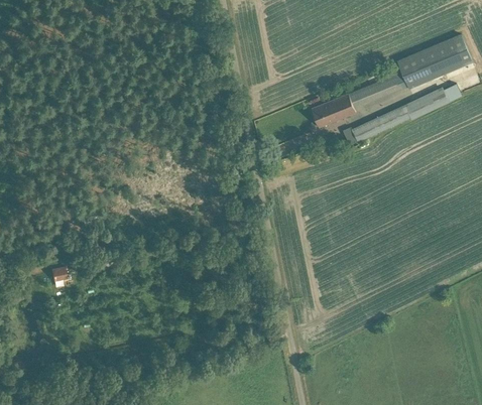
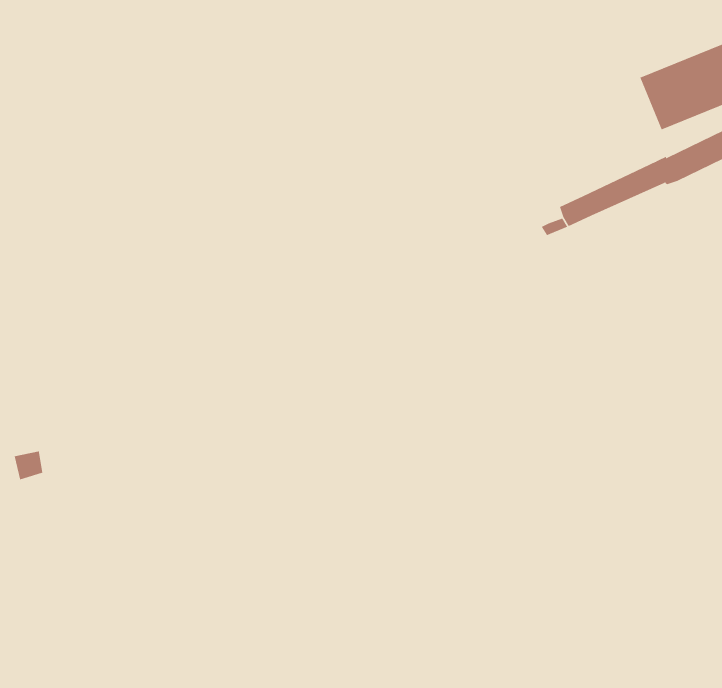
building: [312,73,406,128] -> none

